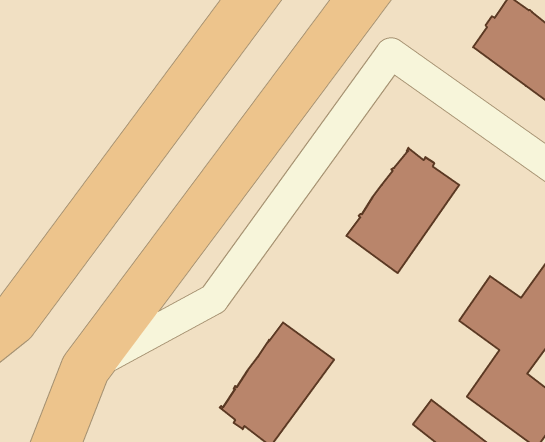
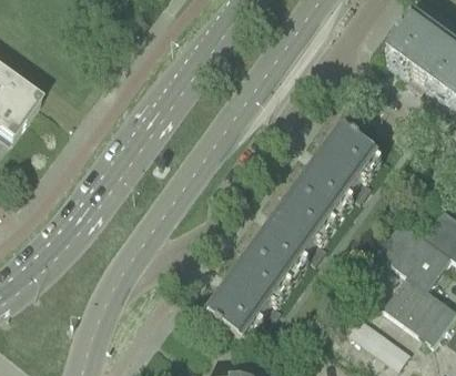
building: none -> [250,190,332,278]

